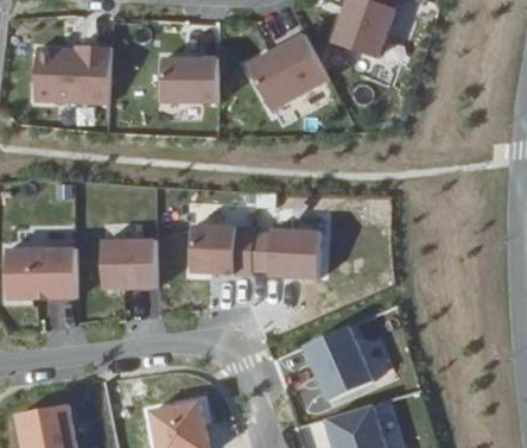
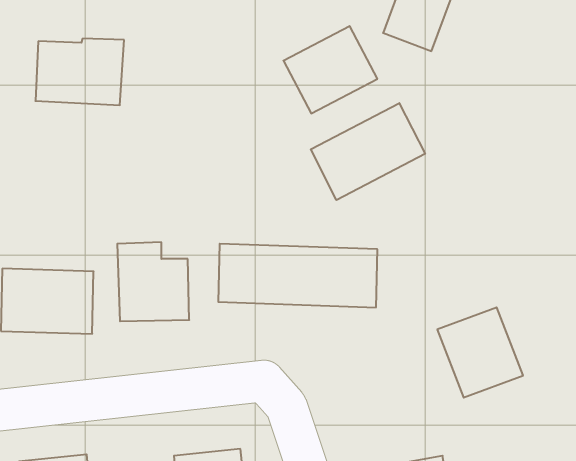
building: [159,59,214,103] -> none
building: none -> [311,103,425,200]
building: [303,323,376,400] -> [437,307,523,398]

